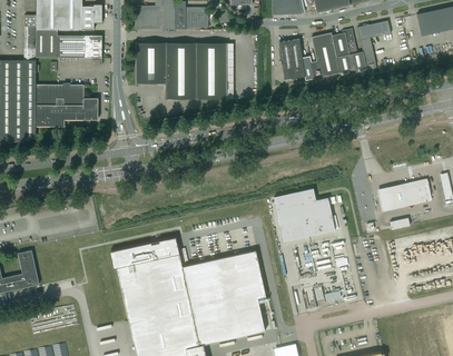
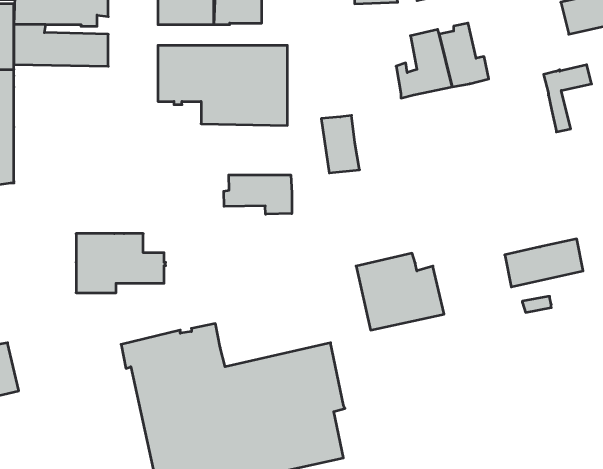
building: [357,20,391,67] -> [544,65,592,132]
building: [278,39,305,79] -> [321,115,360,173]
building: [37,85,99,126] -> [76,234,166,293]
building: none -> [224,175,292,214]

